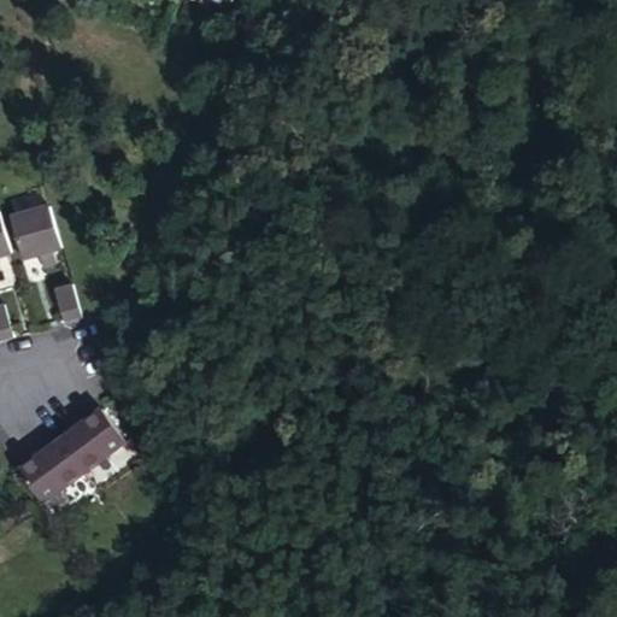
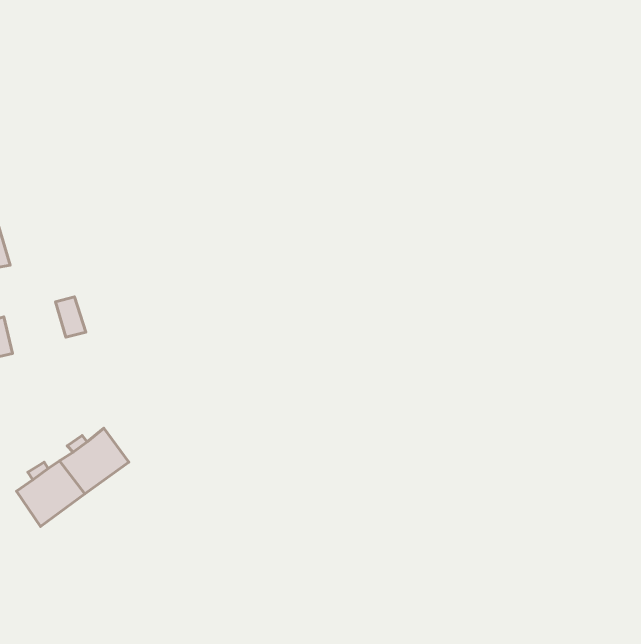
building: [10,206,60,265] -> none

